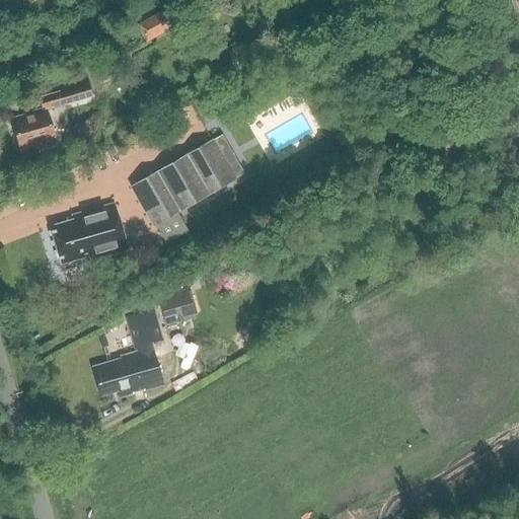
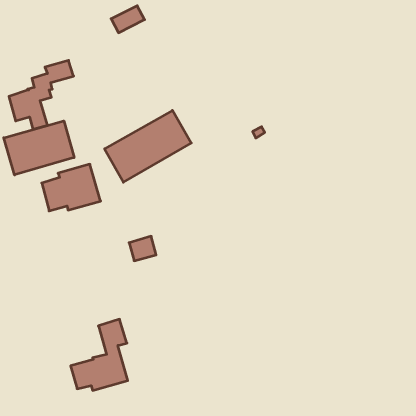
building: none -> [4,121,74,175]
building: [93,307,164,395] -> [71,319,128,390]

